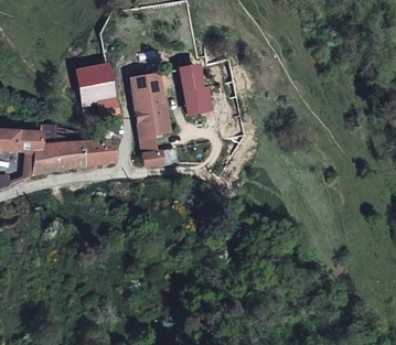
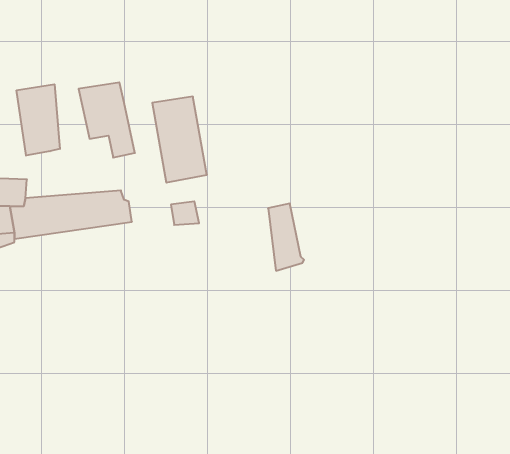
building: none -> [17,84,60,156]
building: [182,66,207,114] -> [268,203,304,271]

